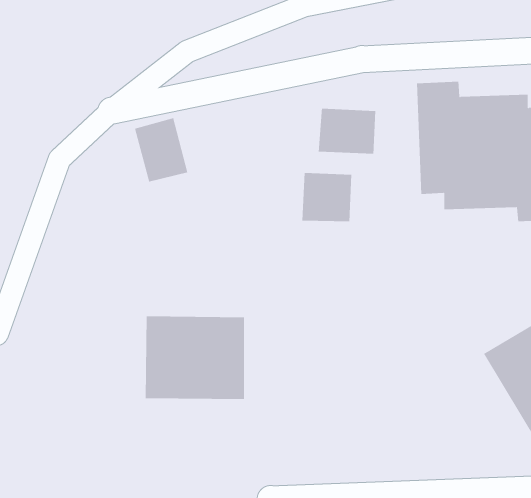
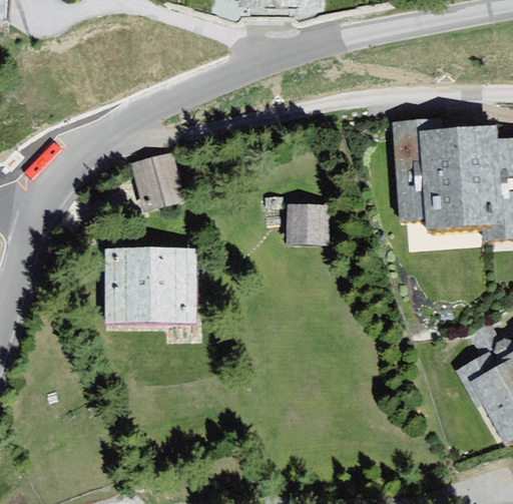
building: [318,108,376,155] -> none
building: [145,316,245,400] -> [107,242,198,319]

